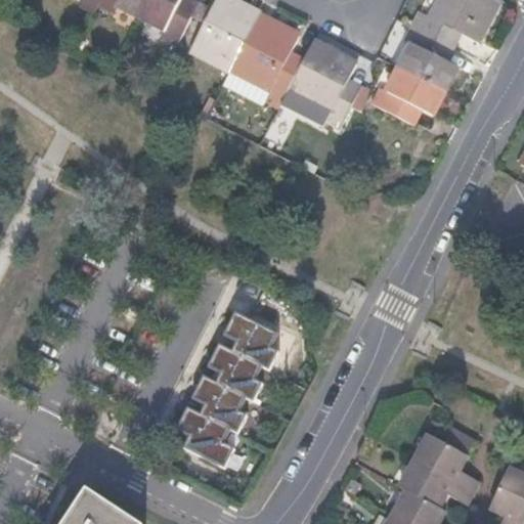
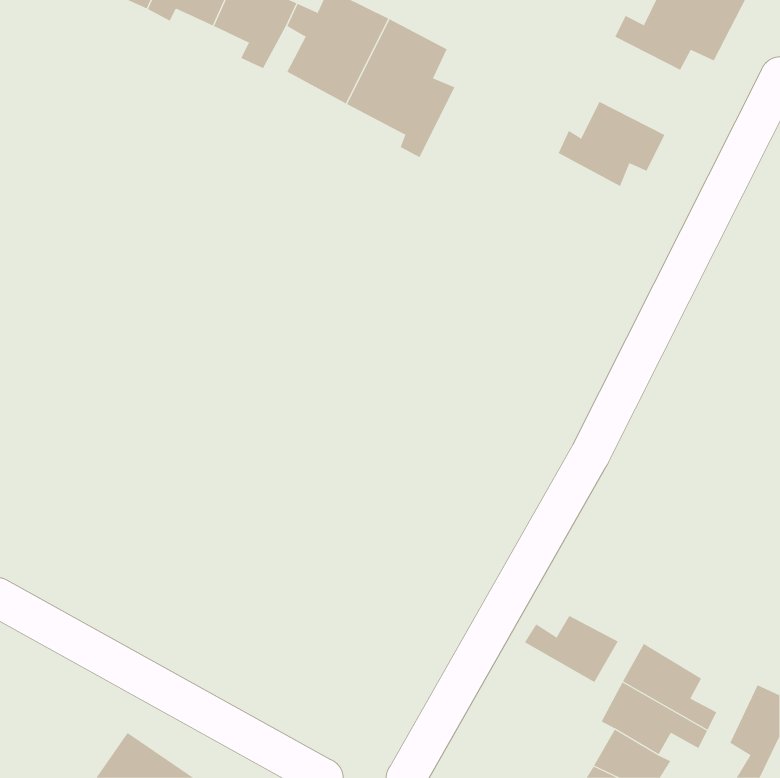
building: [400,25,456,90] -> none
building: [290,40,359,129] -> none
building: [178,316,276,469] -> none
building: none -> [524,615,619,683]

